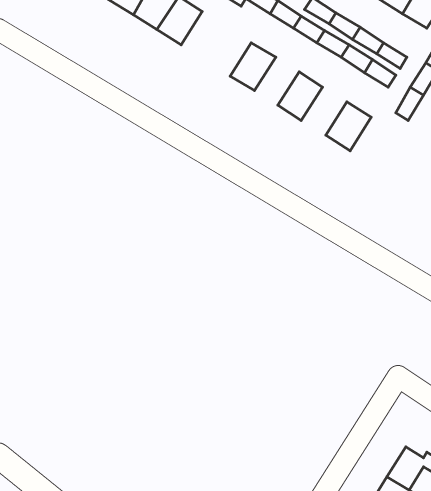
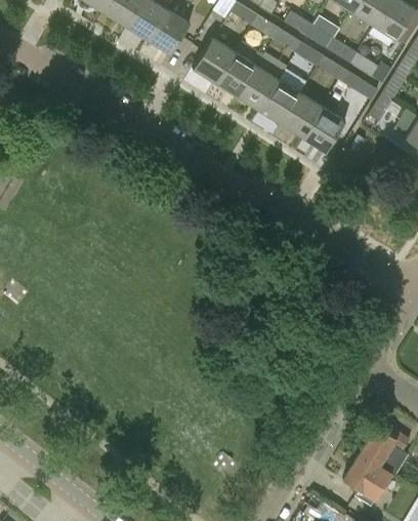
building: none -> [194,39,236,84]
building: none -> [239,67,280,111]
building: none -> [282,94,324,138]

